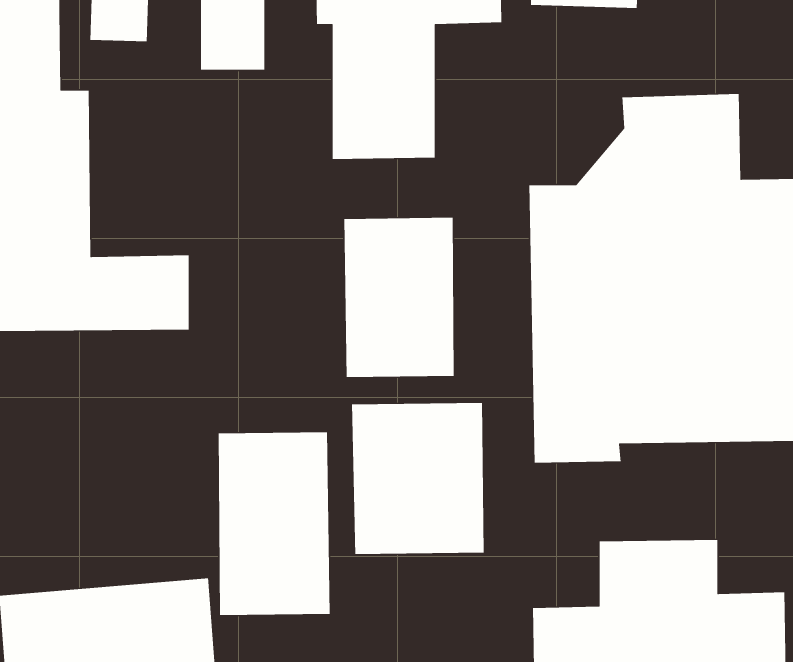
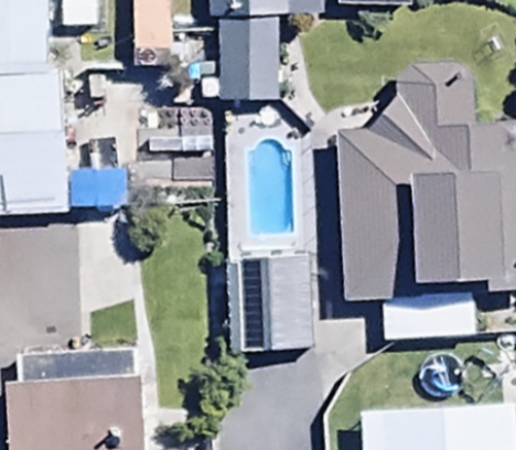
building: [343,217,455,378] -> none
building: [218,431,331,616] -> none

